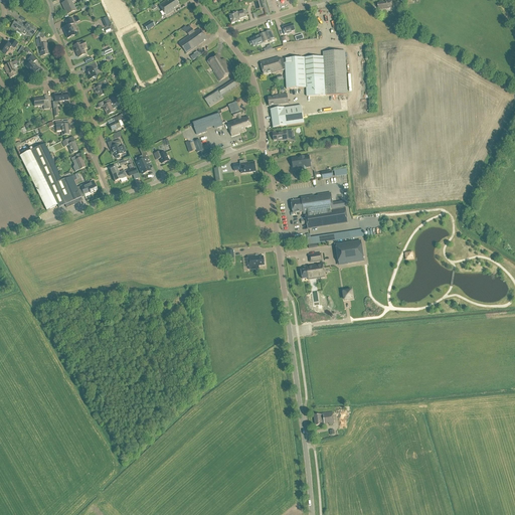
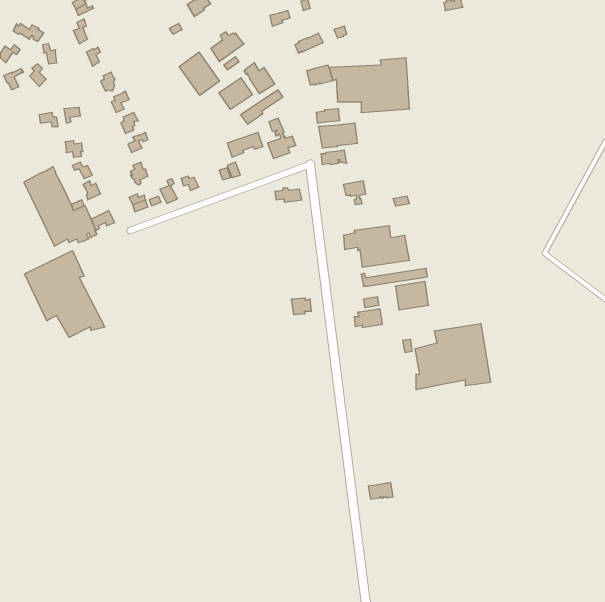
building: none -> [179,52,220,95]
building: none -> [219,78,253,109]
building: none -> [24,251,105,337]
building: none -> [415,323,490,390]

